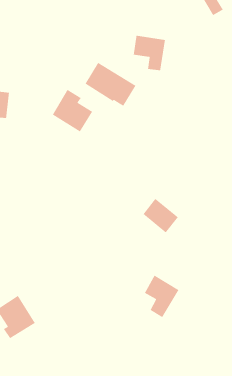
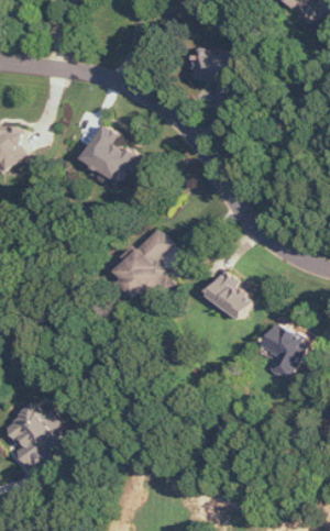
building: [84,62,136,107] -> none
building: none -> [109,226,171,307]
building: [144,275,179,318] -> [256,320,305,379]

